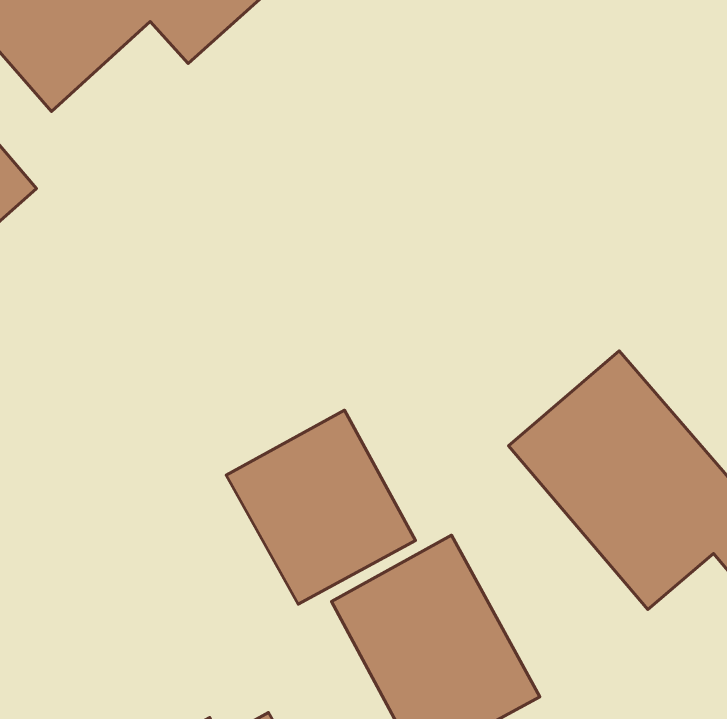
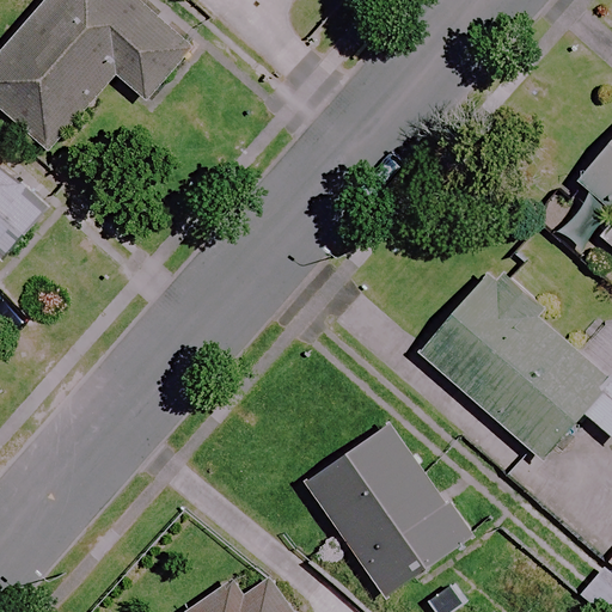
building: [226,410,416,604] -> none

